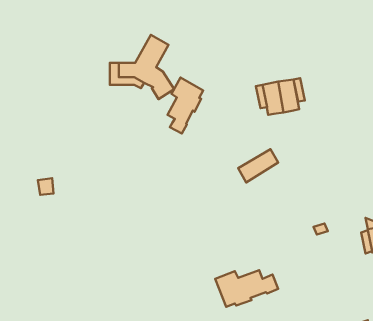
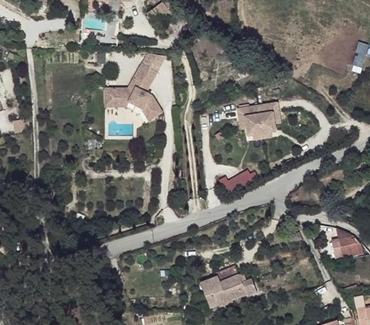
building: [168,78,203,134] -> none

